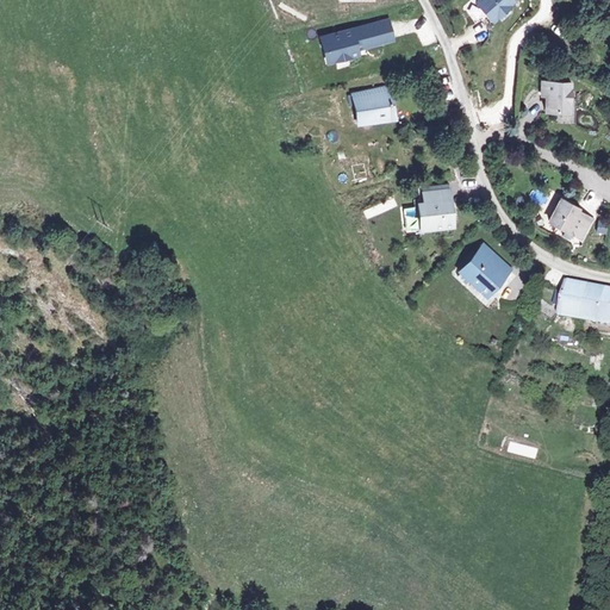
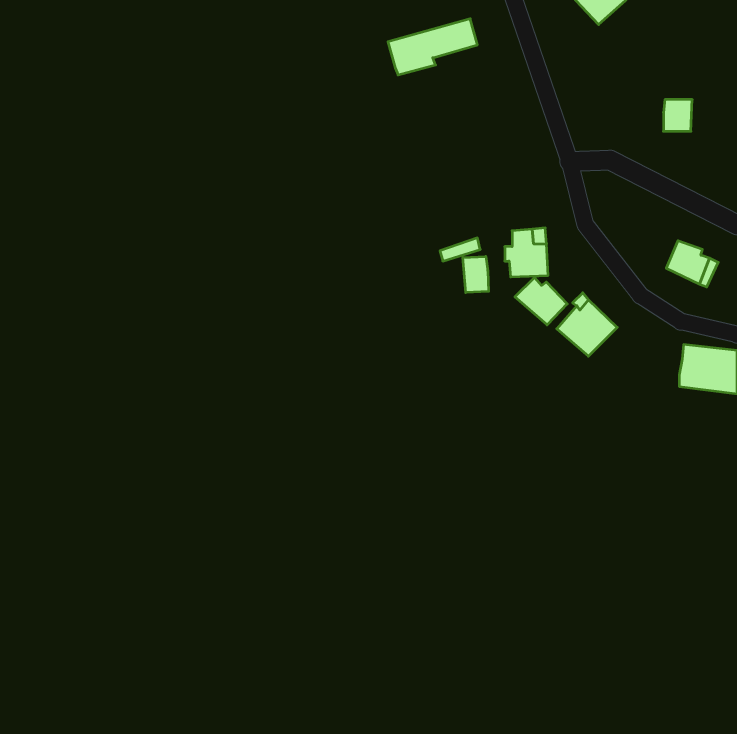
building: [351,88,396,124] -> none
building: none -> [463,256,489,293]
building: none -> [515,278,567,325]

